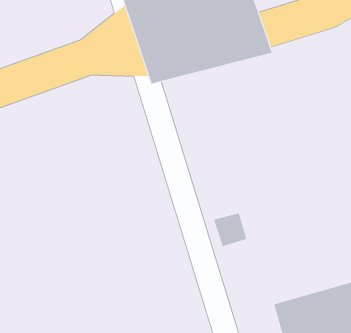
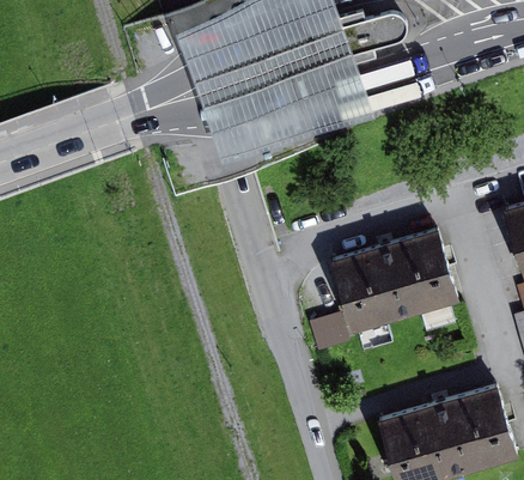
building: none -> [333,227,461,332]

